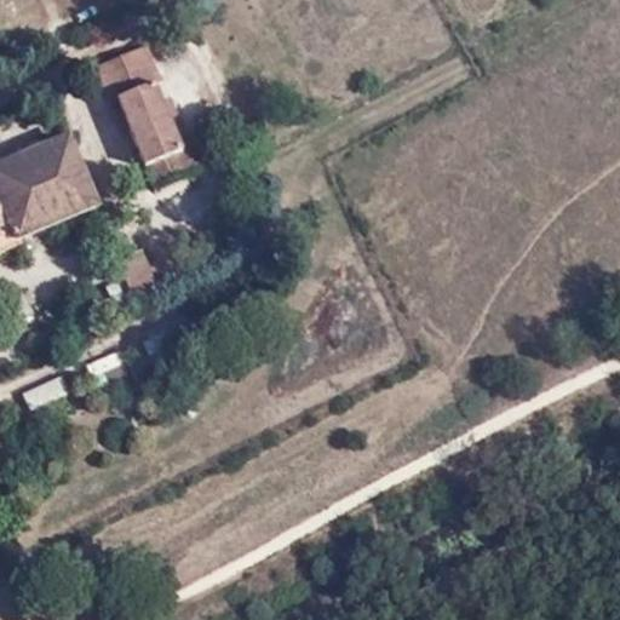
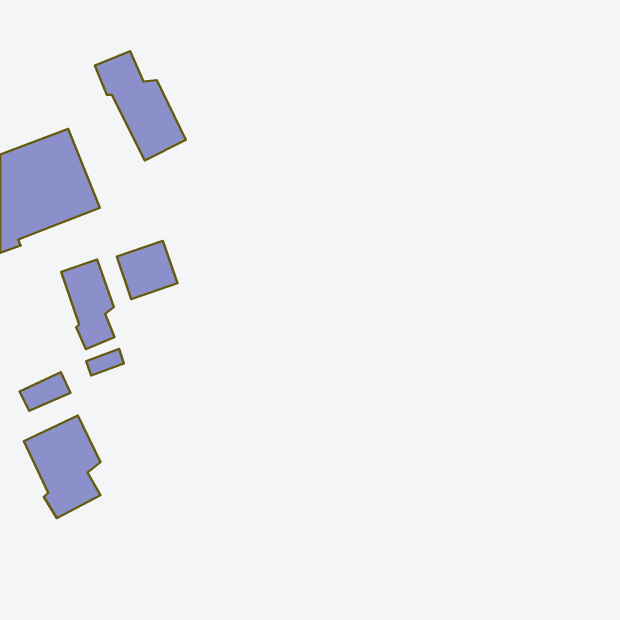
building: none -> [61,260,115,349]
building: none -> [24,416,101,518]

